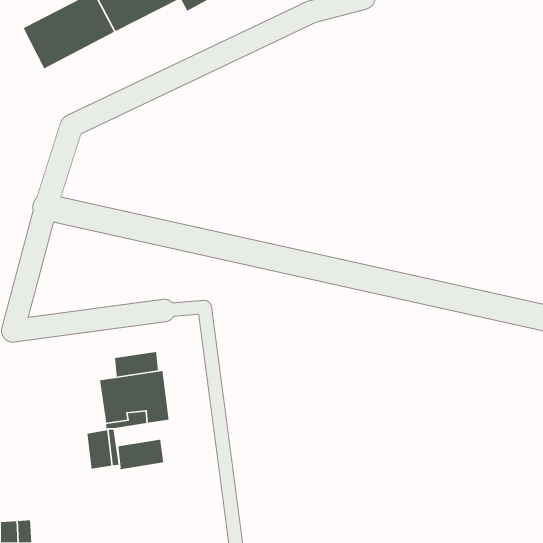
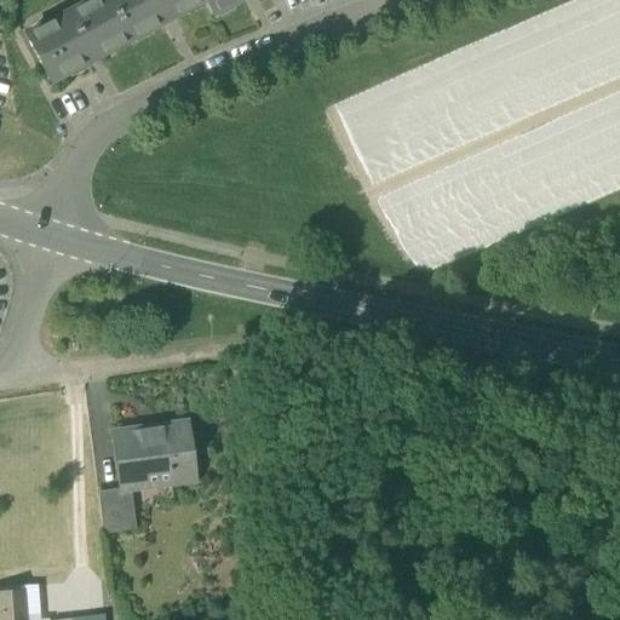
building: [114,351,159,377] -> none
building: [117,439,164,470] -> none

